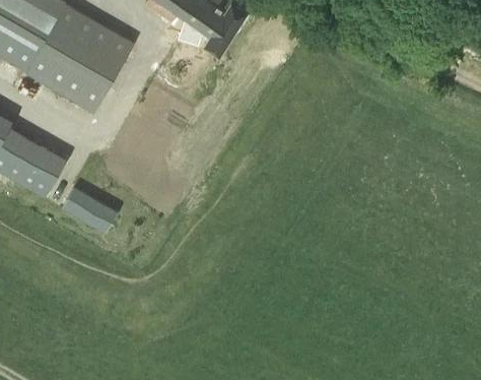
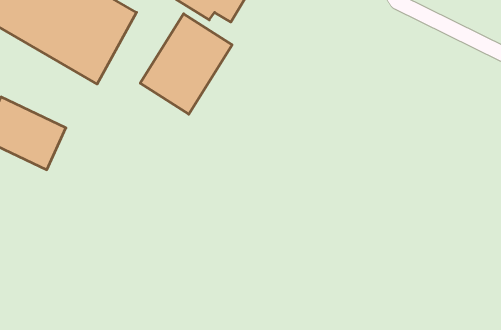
building: none -> [140,14,232,114]
building: [61,187,117,223] -> none

